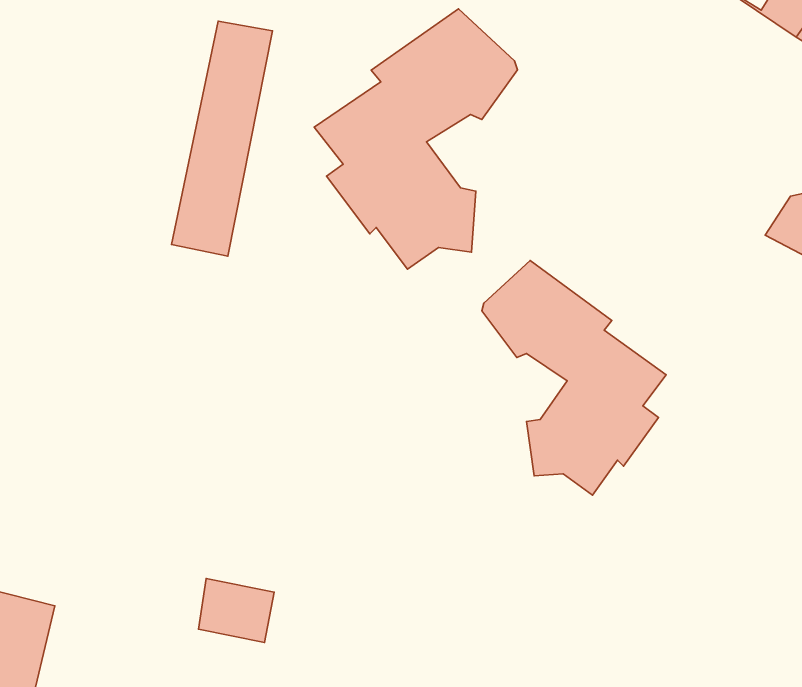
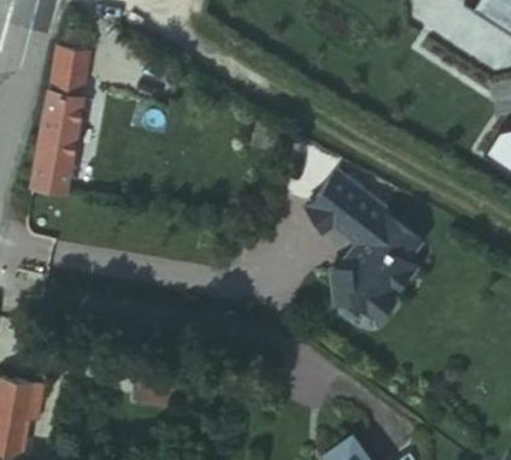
building: [314,9,517,269] -> none
building: [172,21,272,256] -> [31,48,94,194]

